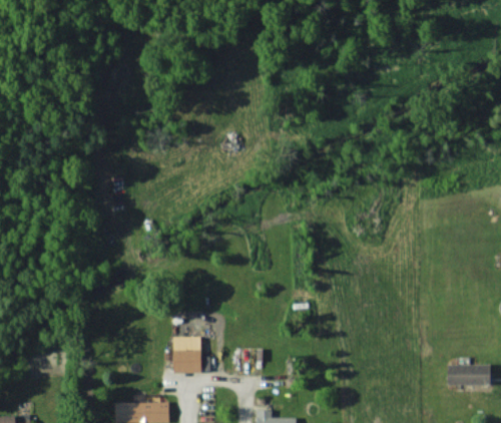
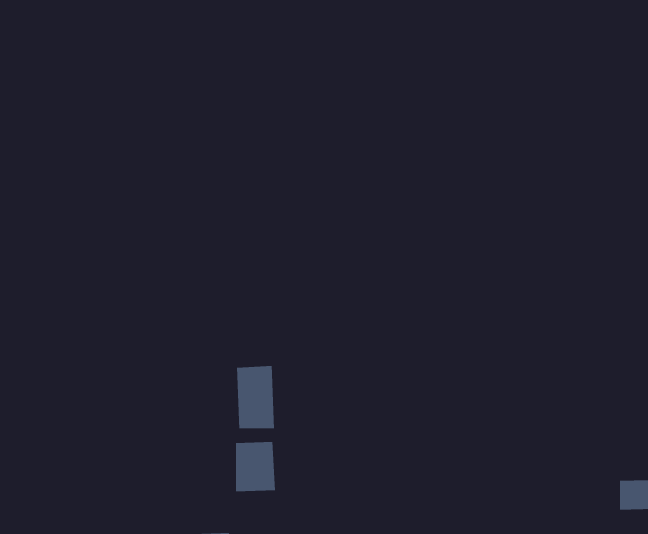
building: none -> [237,365,274,429]

